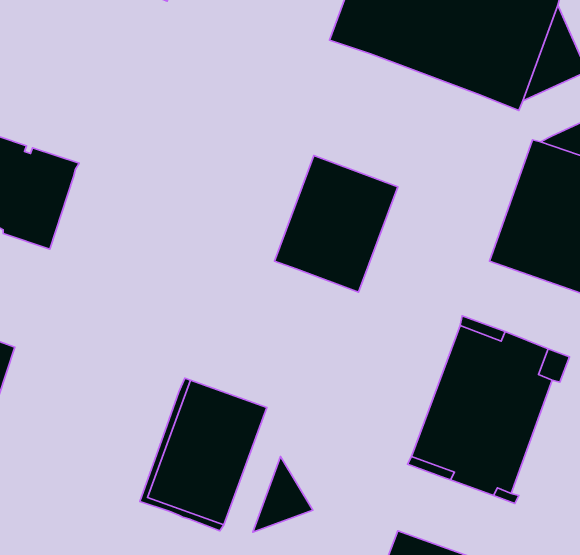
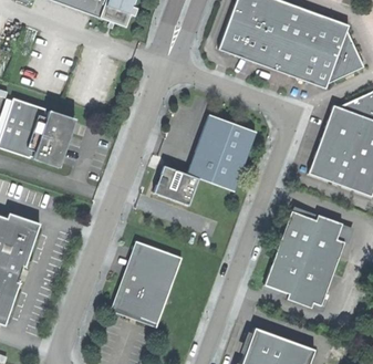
building: none -> [155,166,199,206]
building: [253,456,313,532] -> none

